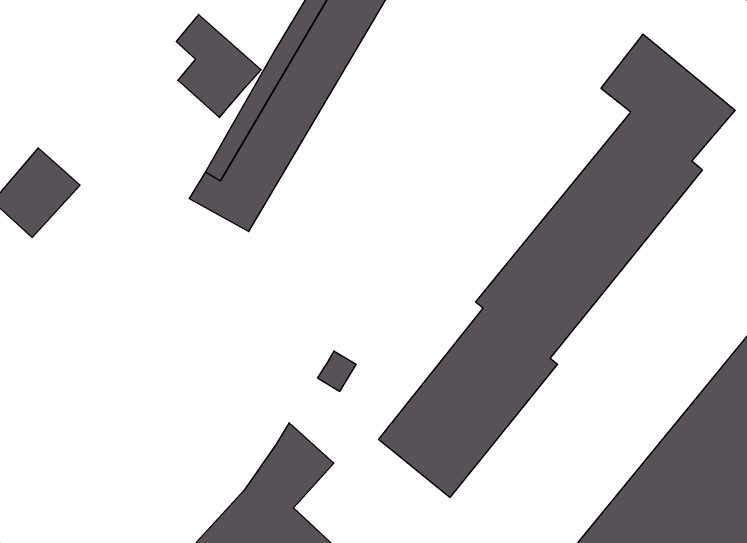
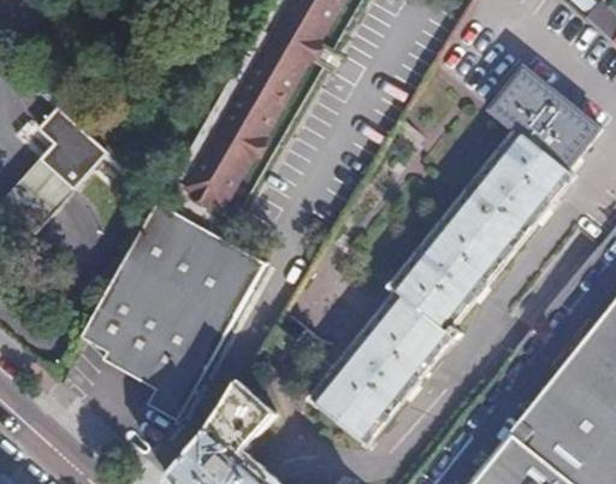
building: [176,14,261,118] -> [38,107,107,190]
building: none -> [84,201,267,425]

